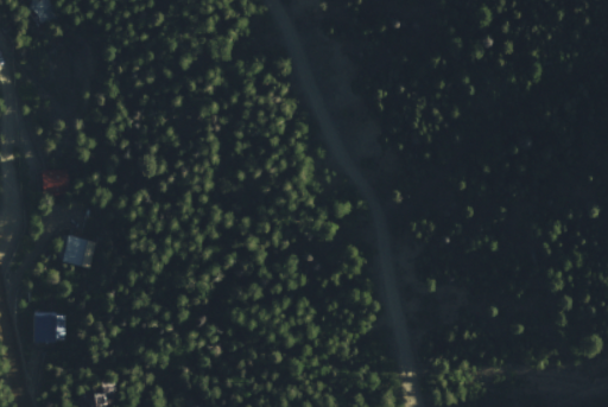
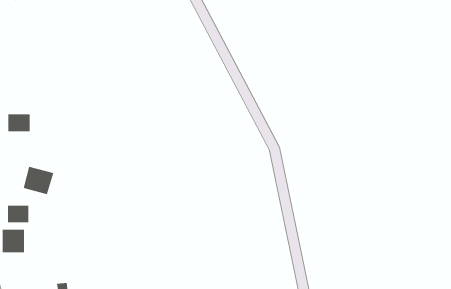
building: none -> [8,205,29,223]

